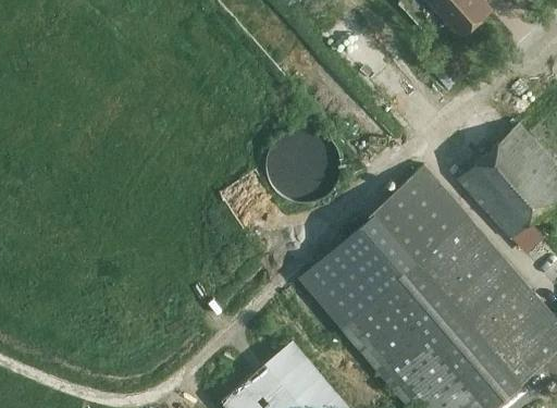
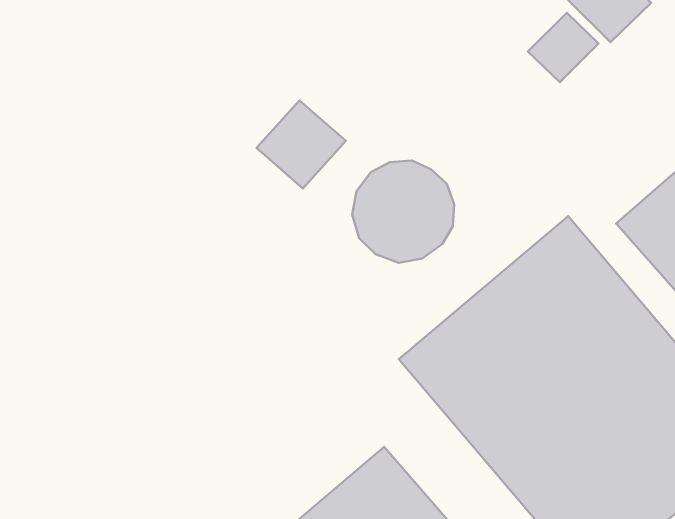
building: none -> [528,13,599,82]
building: none -> [256,100,346,188]

